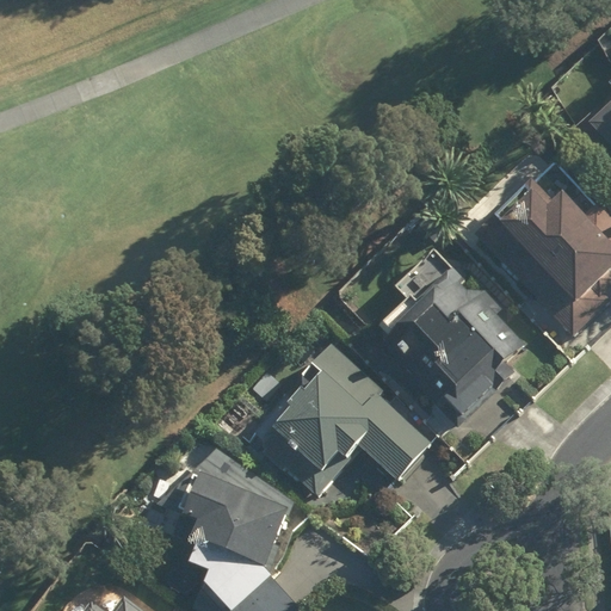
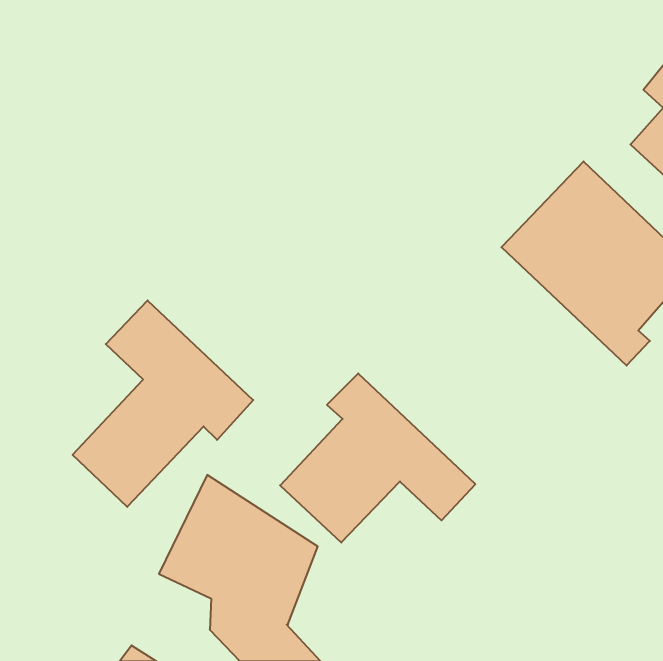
building: none -> [73,300,253,507]
building: [378,279,521,432] -> none

